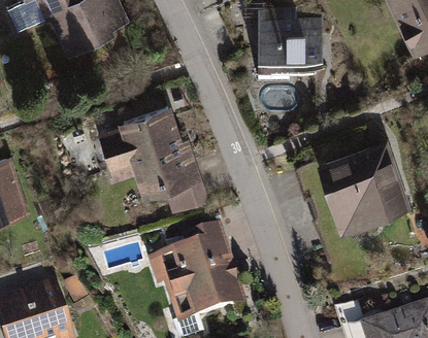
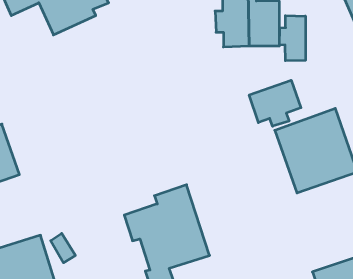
building: none -> [279,16,305,61]
building: none -> [249,80,301,126]
building: [97,110,207,210] -> none

